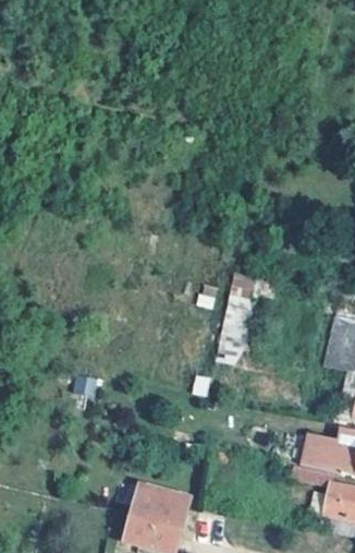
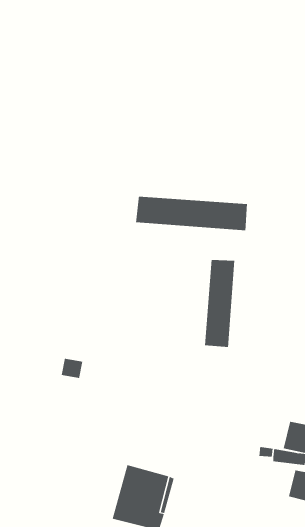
building: none -> [136,196,247,231]

